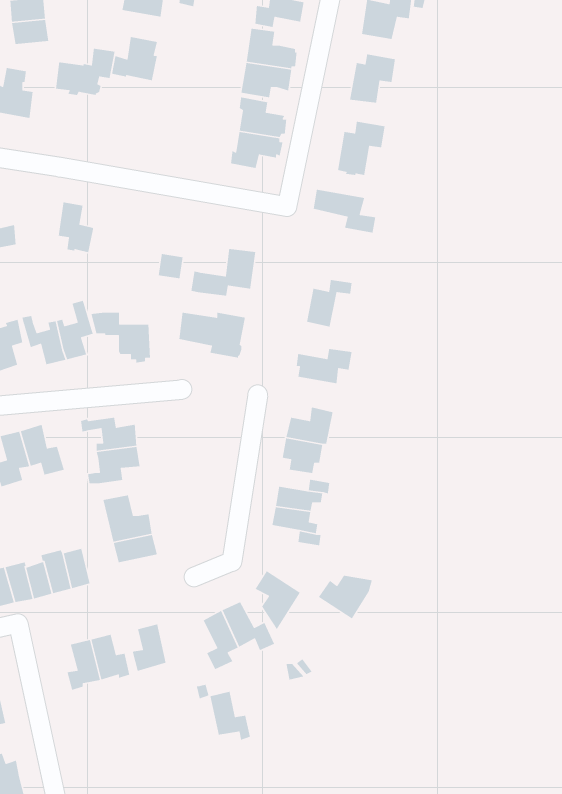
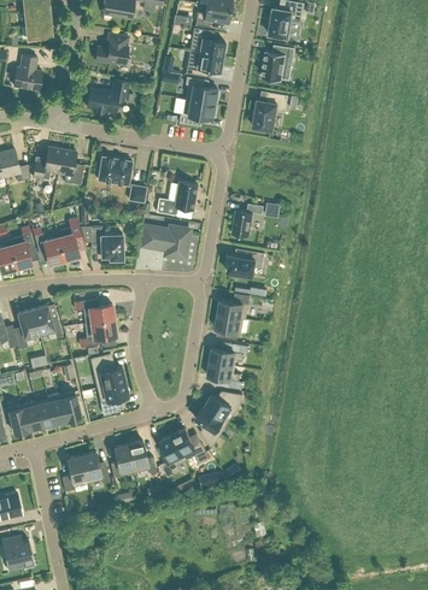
building: [55,48,115,96] -> [87,79,129,113]
building: [313,189,376,234] -> none
building: none -> [33,147,61,181]
building: none -> [98,157,131,185]
building: [318,575,373,620] -> [204,391,242,423]
building: [210,691,251,741] -> [128,441,157,476]

